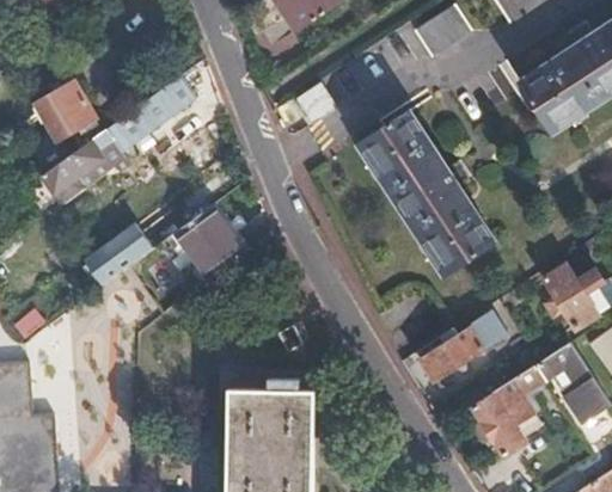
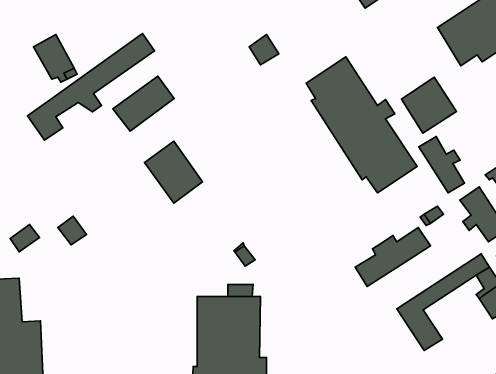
building: none -> [402,77,456,133]
building: none -> [419,137,464,193]
building: [82,225,154,289] -> [113,76,174,131]

